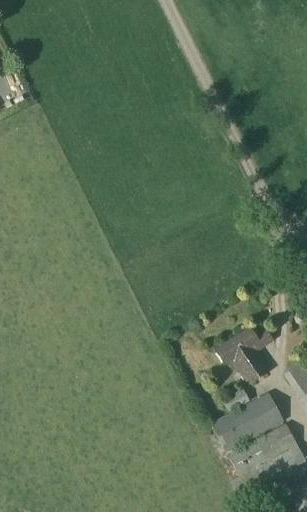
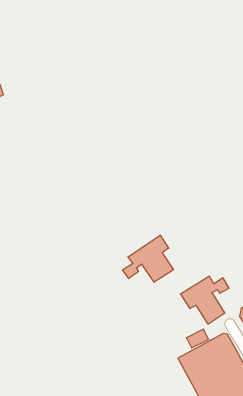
building: none -> [122,235,173,282]

